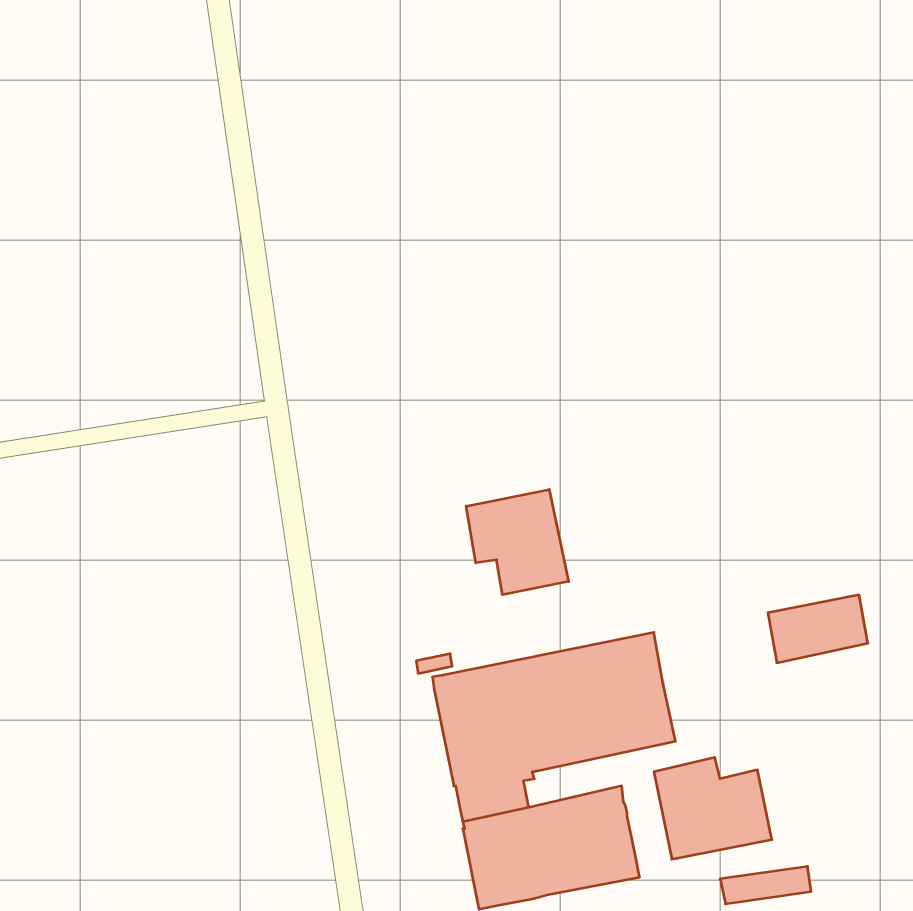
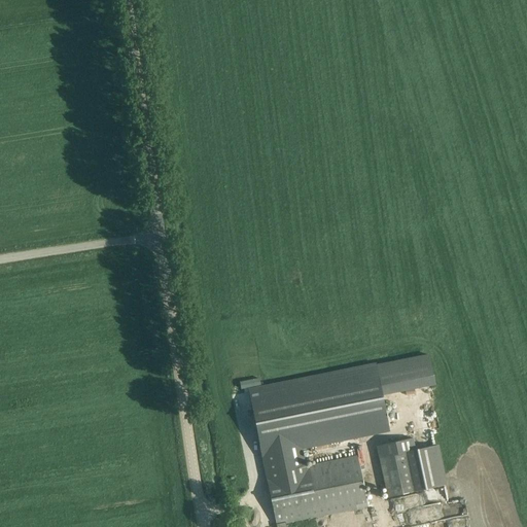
building: [466,489,569,595] -> none
building: [768,595,868,663] -> [377,354,434,393]

